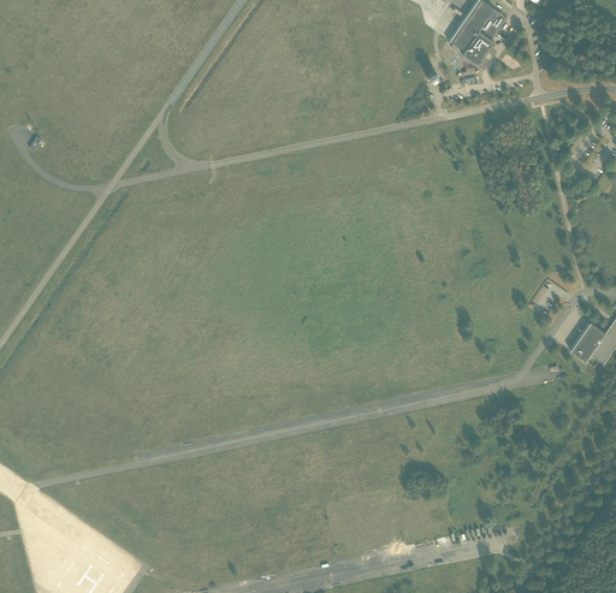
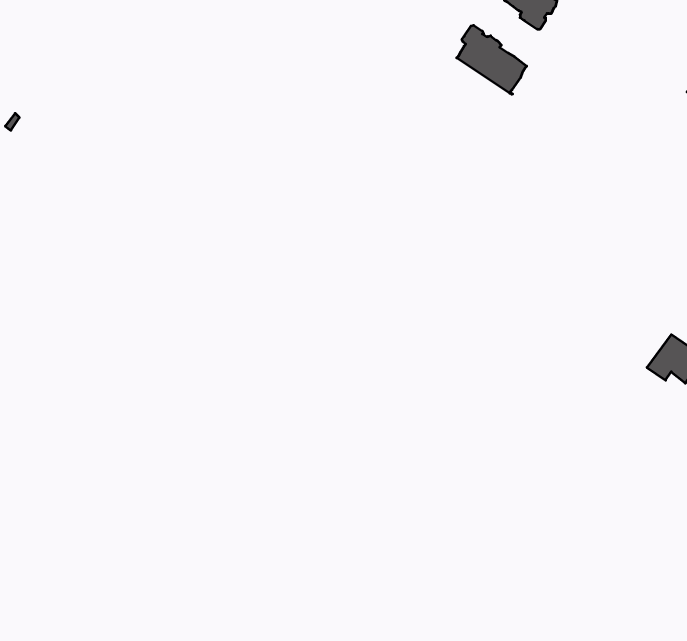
building: none -> [457,25,527,94]

